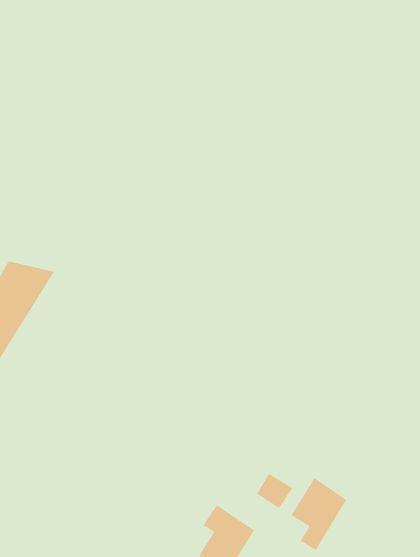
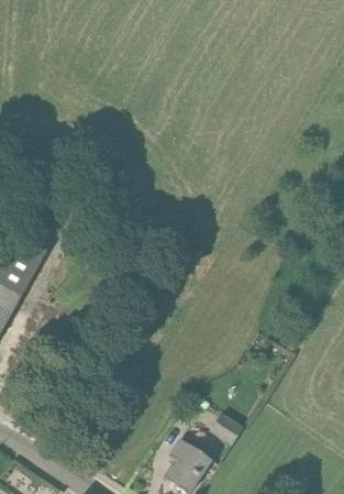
building: [291,477,347,551] -> none

